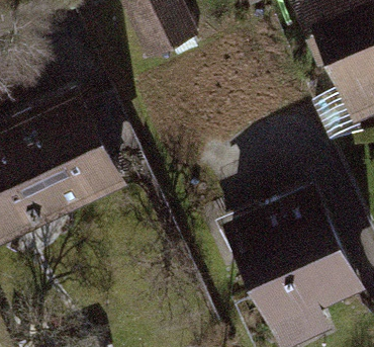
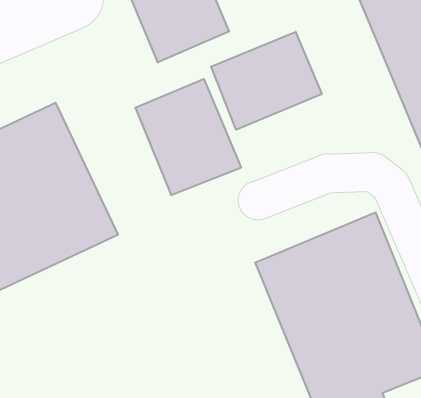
building: none -> [211,32,322,130]
building: none -> [135,79,241,195]

